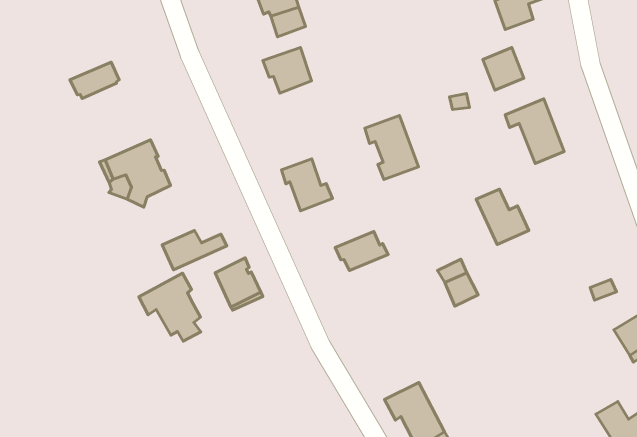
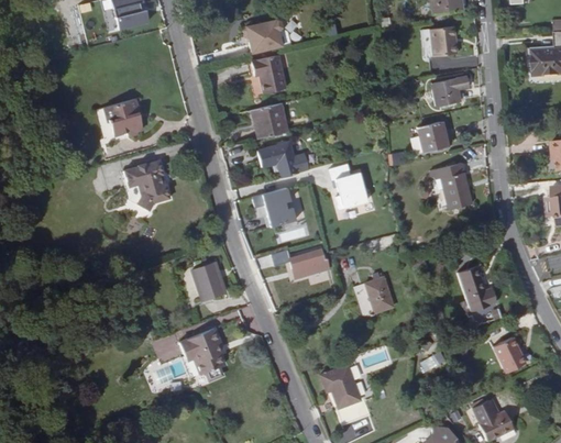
building: none -> [111,114,145,139]
building: none -> [252,144,292,178]
building: [476,189,529,244] -> [460,266,497,308]
building: [162,230,227,270] -> none
building: [139,273,201,341] -> [180,325,226,377]

